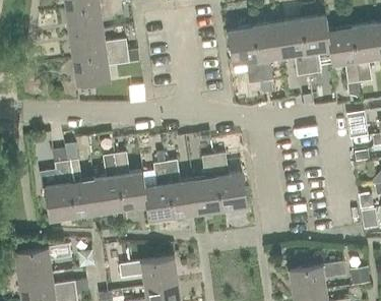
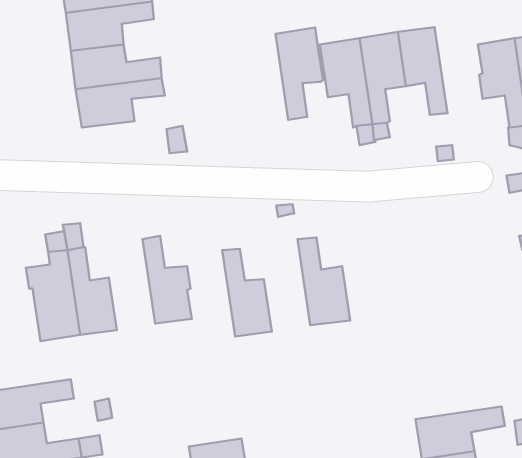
building: [301,15,331,74] -> [275,28,323,120]
building: [93,155,123,213] -> none
building: [192,155,221,214] -> none
building: [143,162,174,221] -> none
building: [120,256,178,287] -> none

